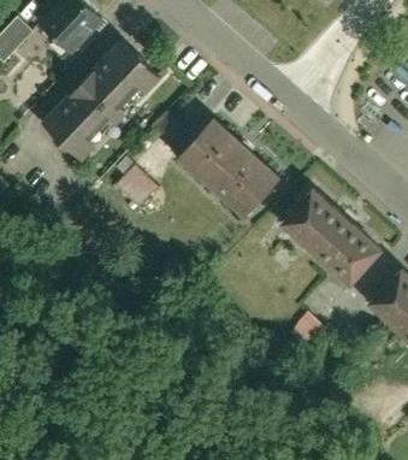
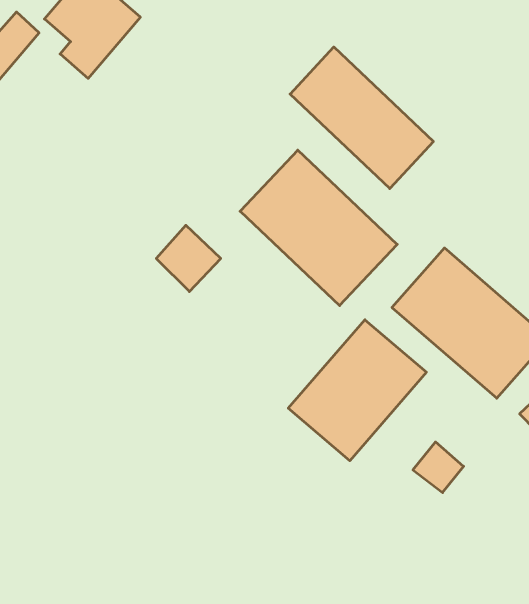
building: [37,37,162,166] -> none
building: none -> [290,47,433,189]
building: none -> [288,320,426,461]

